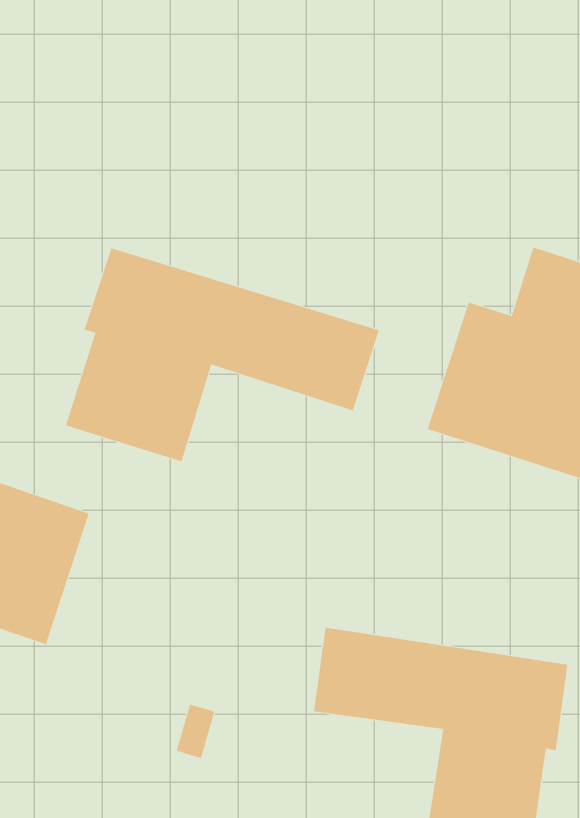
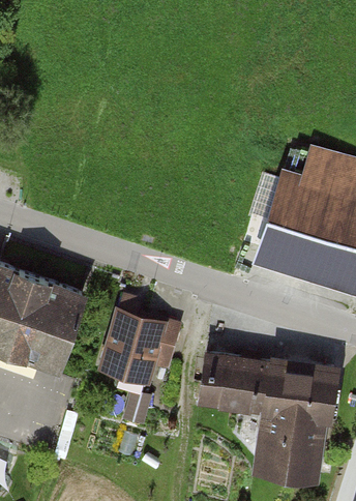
building: [65,247,380,462] -> none
building: none -> [105,319,165,385]

